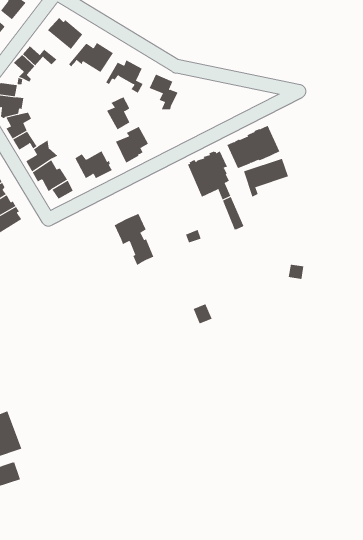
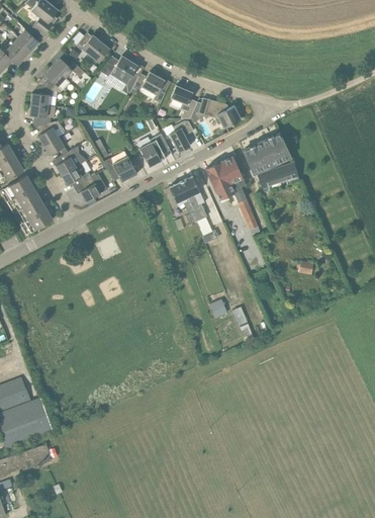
building: none -> [203,100,241,128]
building: [106,96,130,130] -> [168,121,190,153]
building: [114,213,154,266] -> [169,176,206,225]

